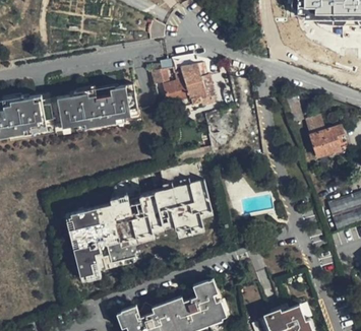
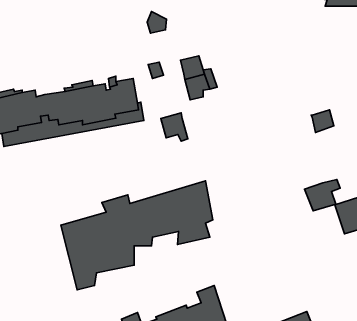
building: [163,79,188,106] -> [161,113,188,141]
building: [306,125,340,154] -> [305,179,340,211]

